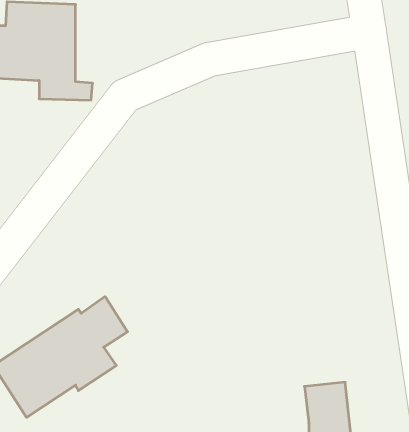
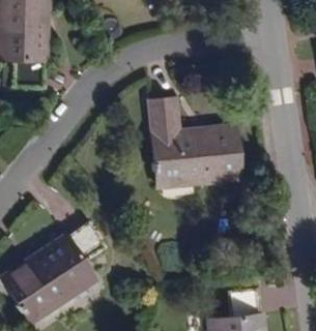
building: none -> [149,99,239,185]

